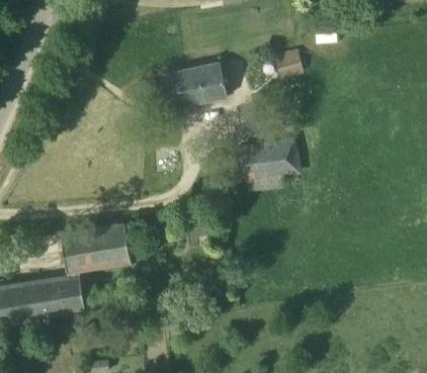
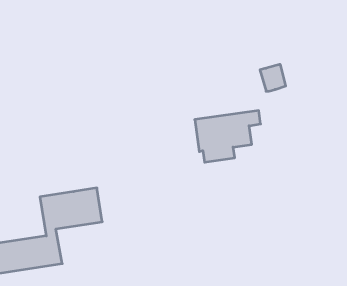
building: [273,50,303,80] -> [260,65,286,91]
building: [160,63,227,110] -> none

